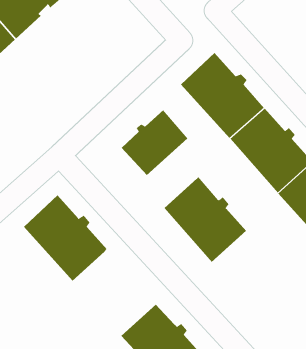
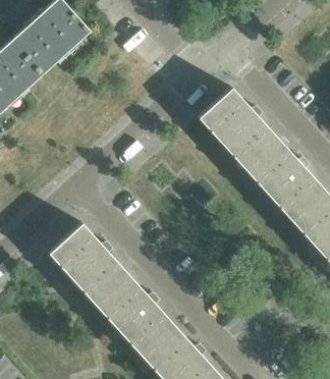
building: [121,110,188,176] -> none
building: [163,176,247,263] -> [96,274,175,357]

